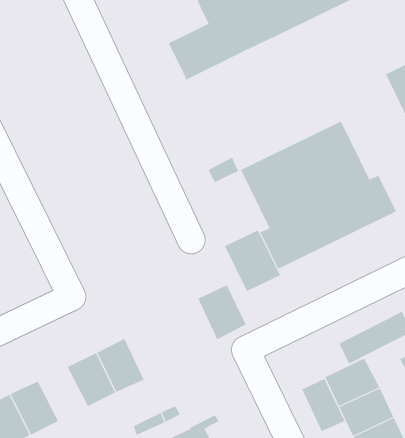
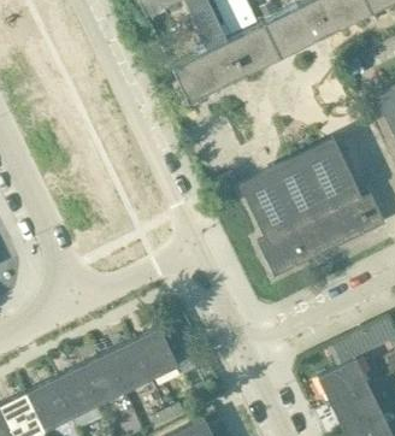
building: [224,229,281,292] -> none
building: [197,284,247,340] -> [132,328,178,379]
building: none -> [52,367,98,418]
building: [301,378,346,432] -> none

